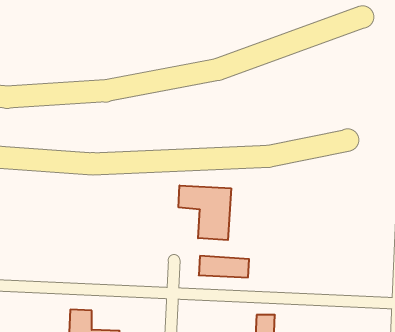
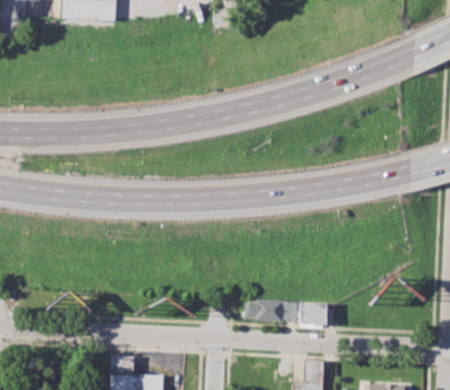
building: [179,185,231,240] -> none
building: none -> [299,302,328,324]

